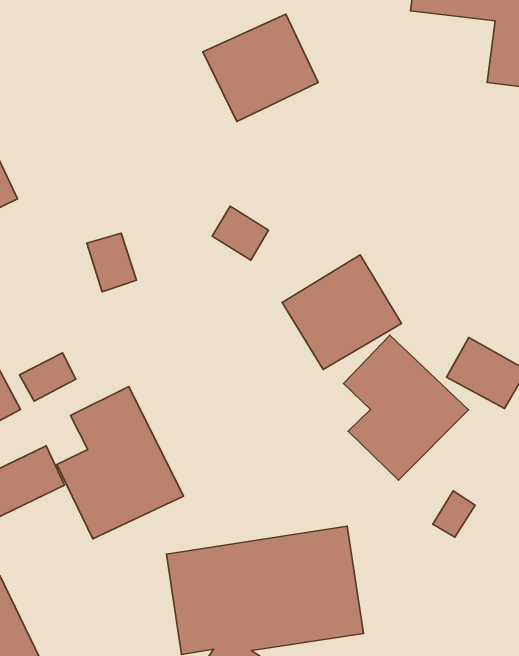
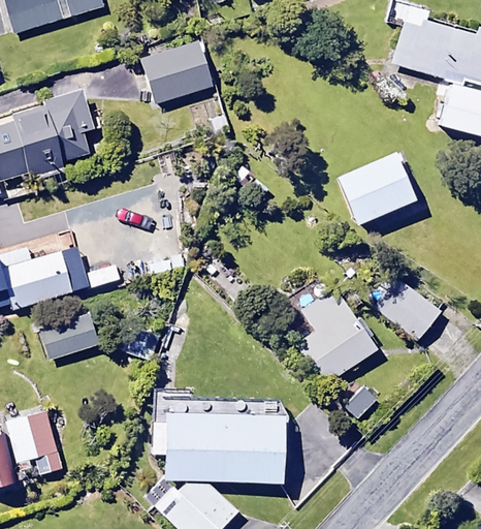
building: [203,14,318,122] -> [139,40,215,108]
building: [282,255,402,370] -> [335,153,415,227]
building: [57,387,183,539] -> none

